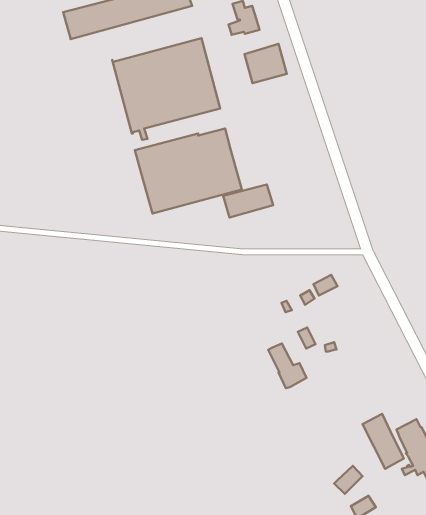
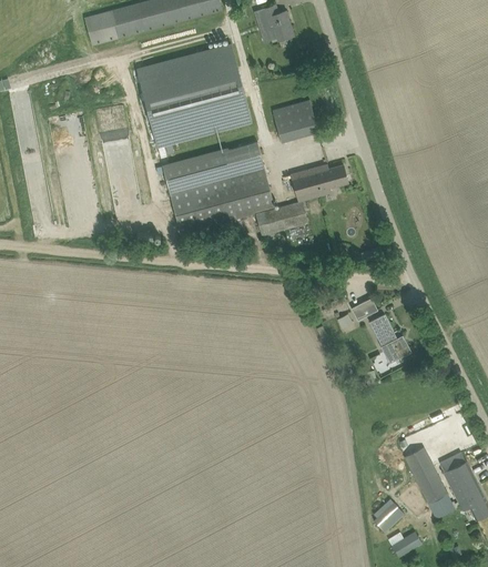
building: [244,44,287,83] -> [272,99,317,141]
building: none -> [289,163,347,222]
building: [268,343,307,388] -> [369,314,410,362]

